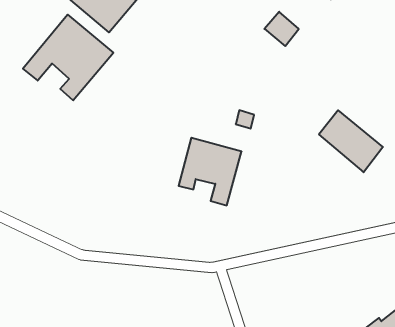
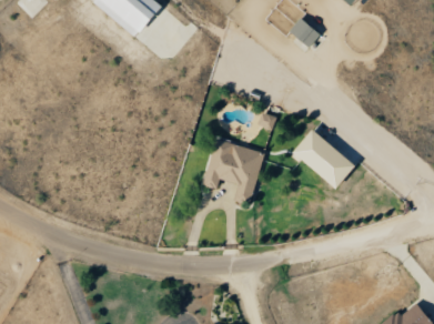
building: [23,15,113,100] -> none
building: [319,110,383,172] -> [293,129,355,189]

